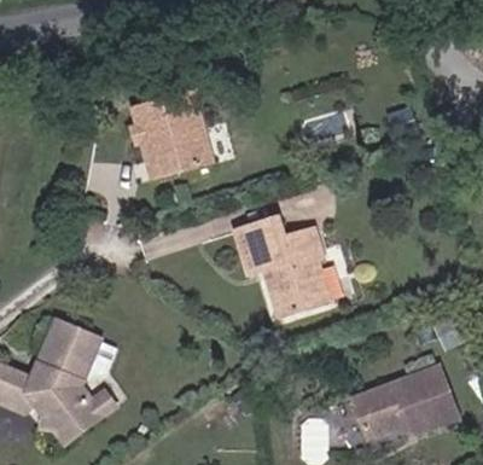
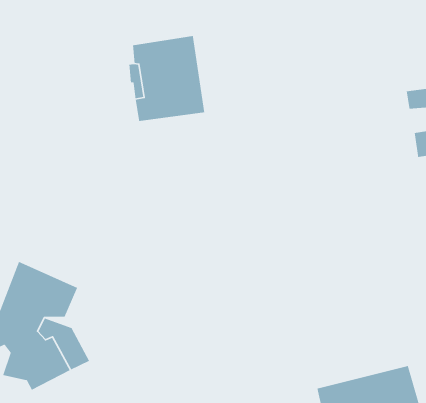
building: [231,215,328,315] -> none

